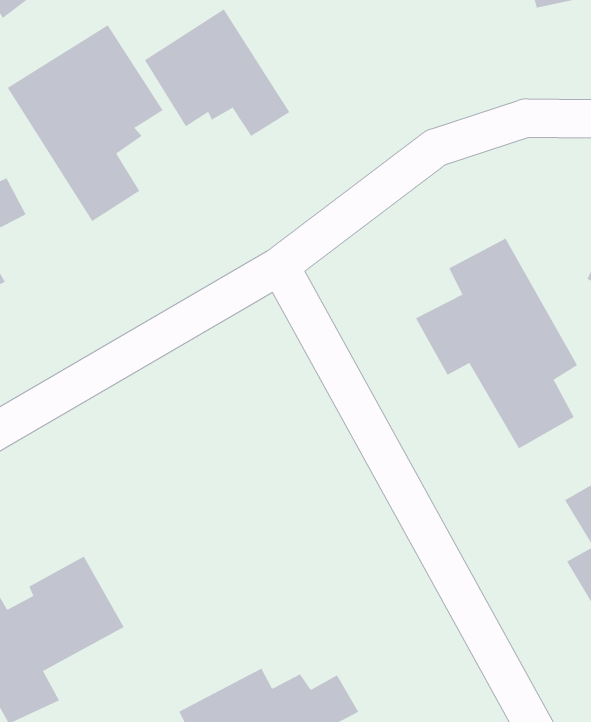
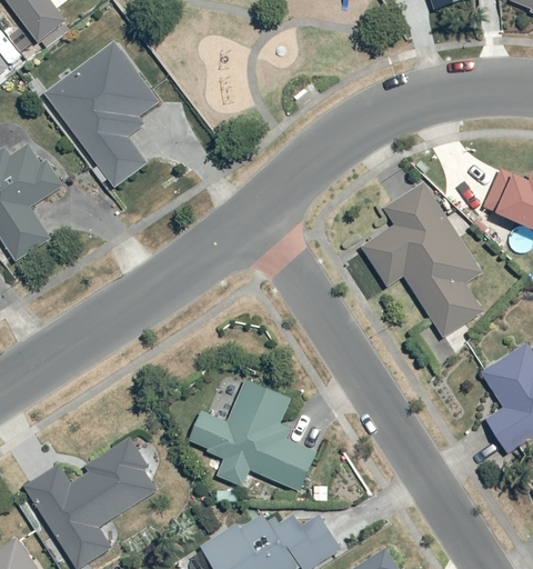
building: [144,8,290,137] -> none
building: none -> [185,378,316,492]

